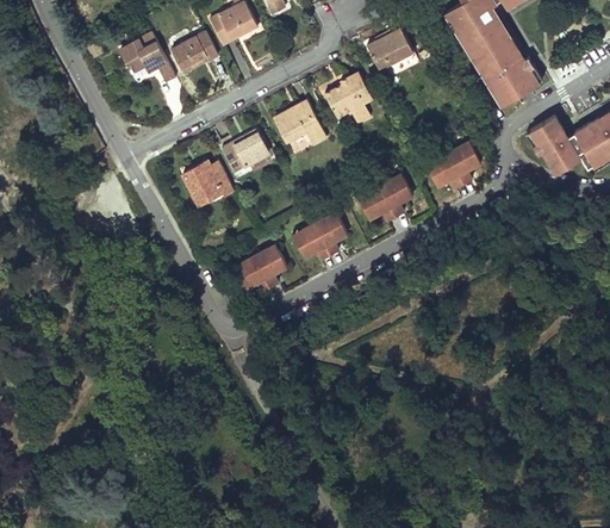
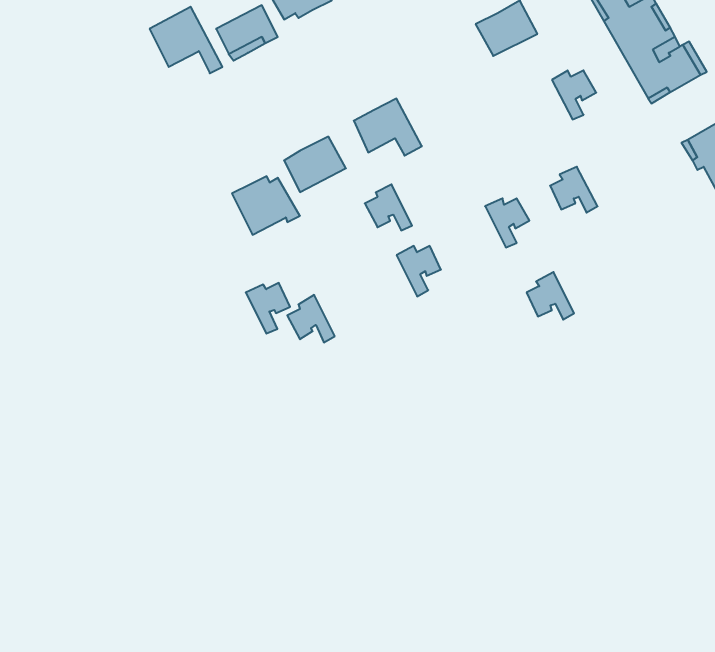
building: [325,74,373,124] -> none
building: [443,147,477,184] -> [552,70,596,119]
building: [354,184,390,219] -> [527,272,574,320]
building: [287,220,323,255] -> [365,184,412,230]
building: [245,243,279,281] -> [246,283,290,334]

